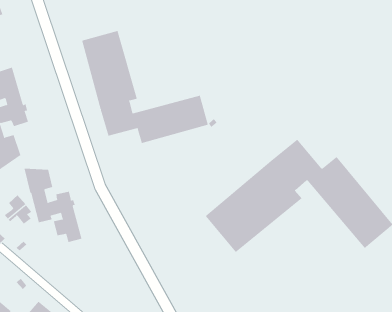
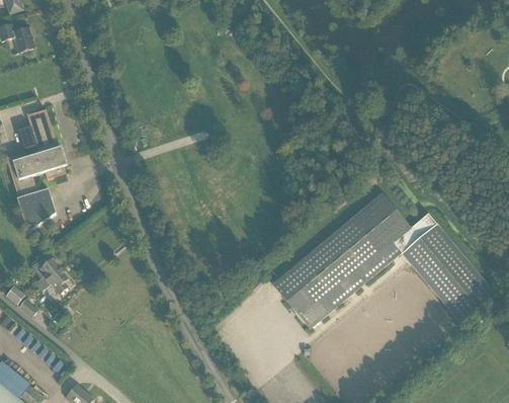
building: [82,30,209,144] -> none
building: [24,168,82,243] -> none

